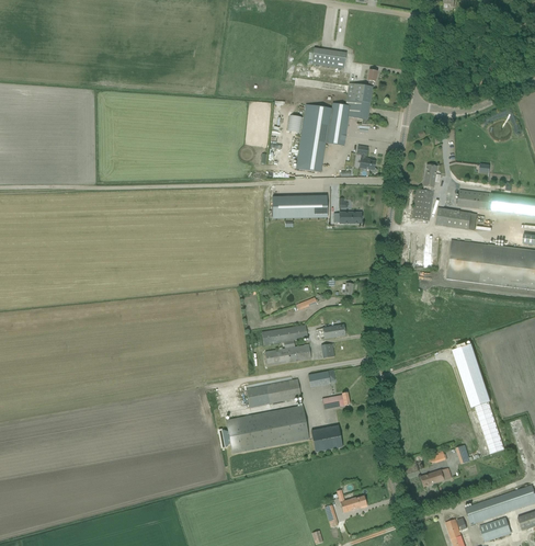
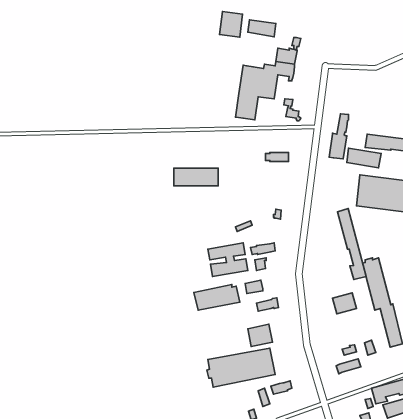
building: none -> [220,12,243,37]
building: [271,192,326,214] -> [174,168,218,186]
building: none -> [337,209,366,279]
building: none -> [332,293,356,314]
building: [225,406,309,454] -> [207,348,275,387]

